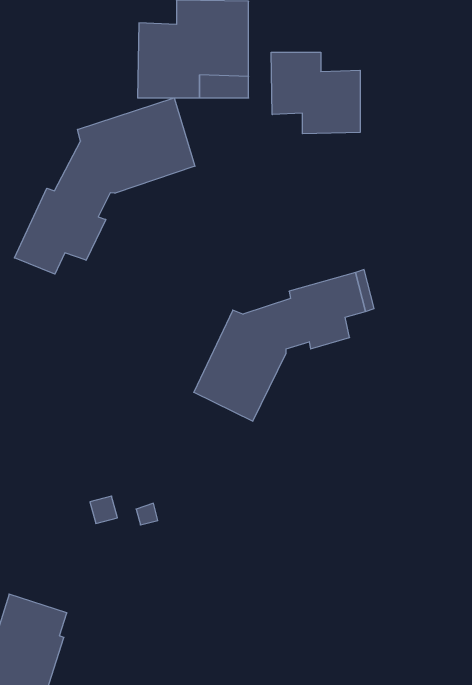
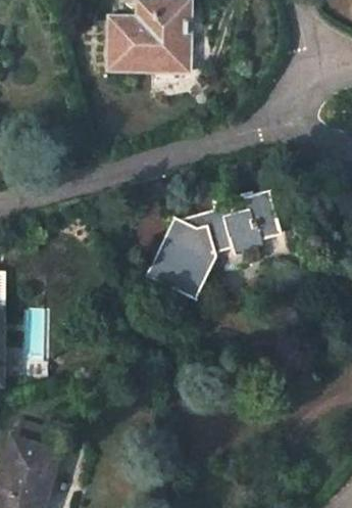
building: [271,52,360,134] -> none
building: [14,98,195,274] -> none

